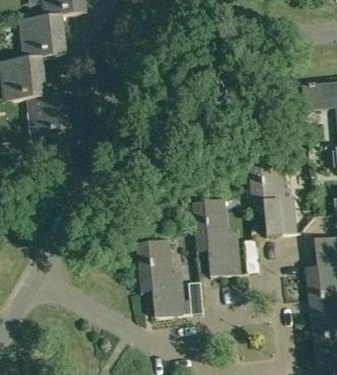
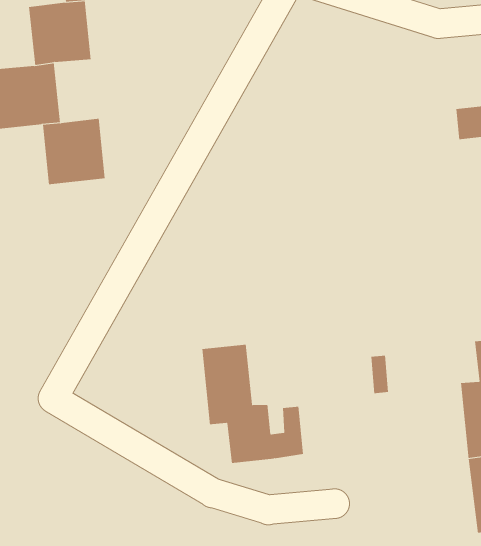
building: [248,158,295,236] -> none
building: [192,199,240,277] -> none

